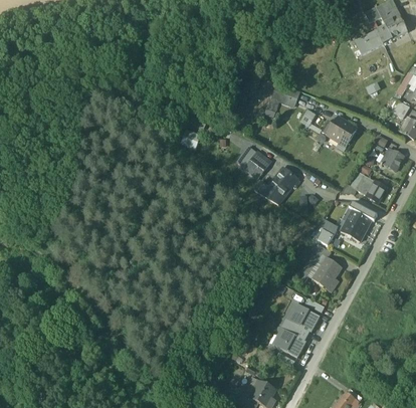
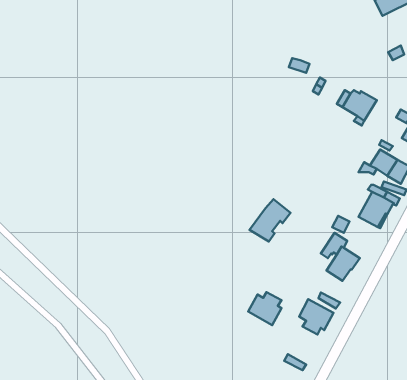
building: [244,151,270,178] -> none
building: [261,167,297,204] -> [249,199,291,241]
building: [275,328,304,357] -> [248,292,281,325]

